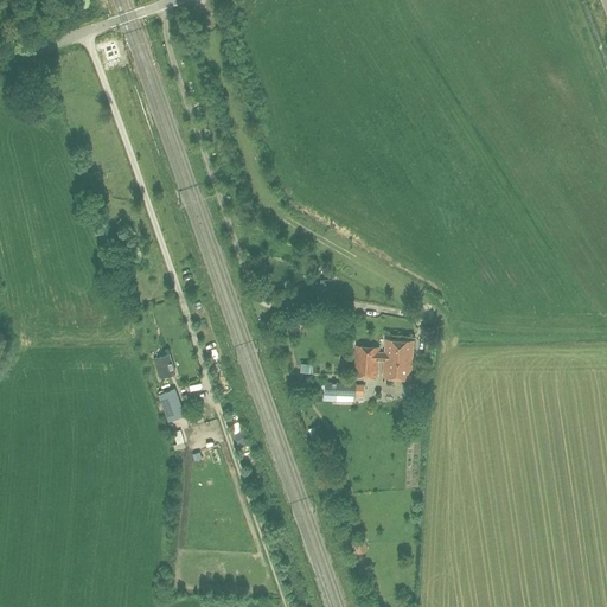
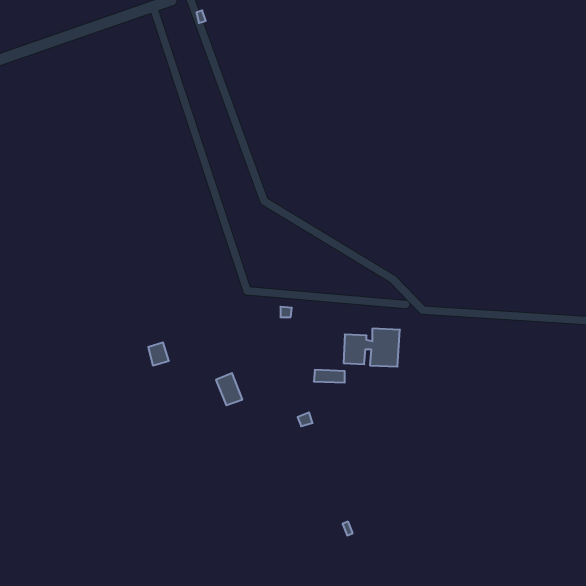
building: [156,389,184,422] -> [216,373,242,405]

